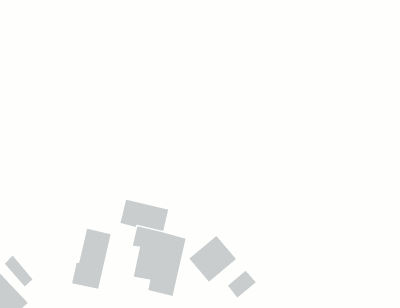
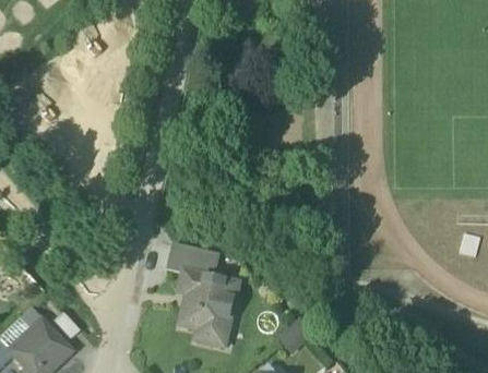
building: [71,228,112,290] -> none
building: [188,235,237,283] -> none

